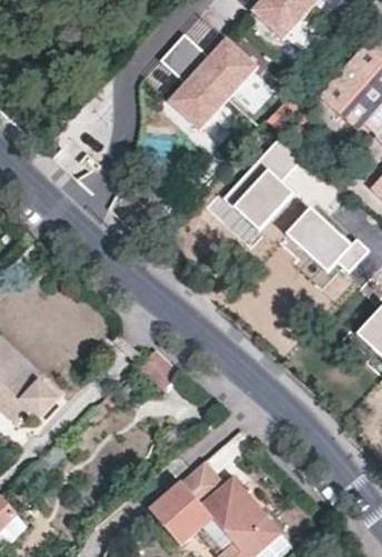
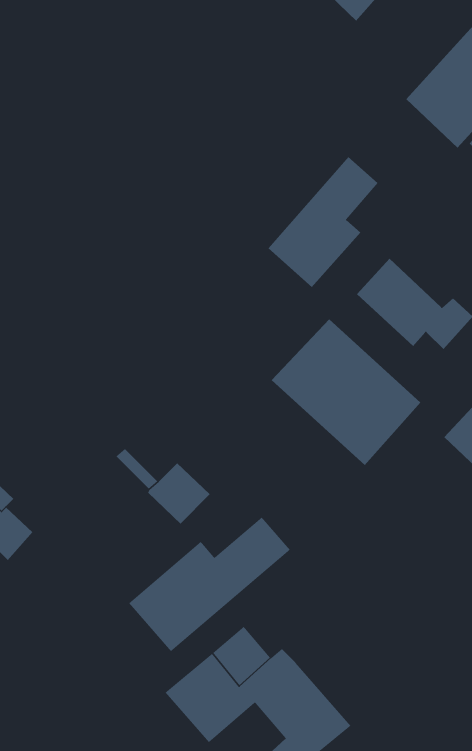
building: [168,33,260,129] -> none
building: none -> [271,318,421,466]
building: none -> [128,517,291,652]

